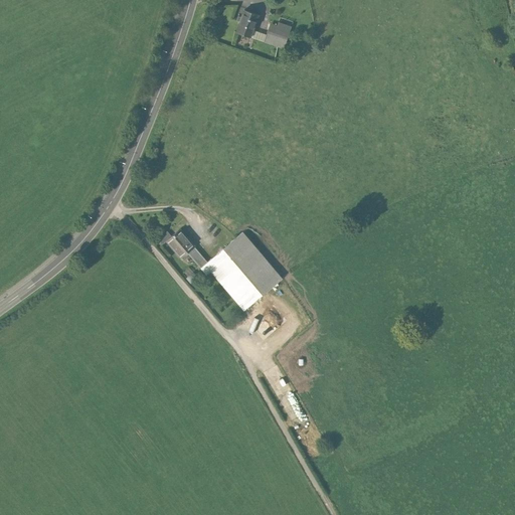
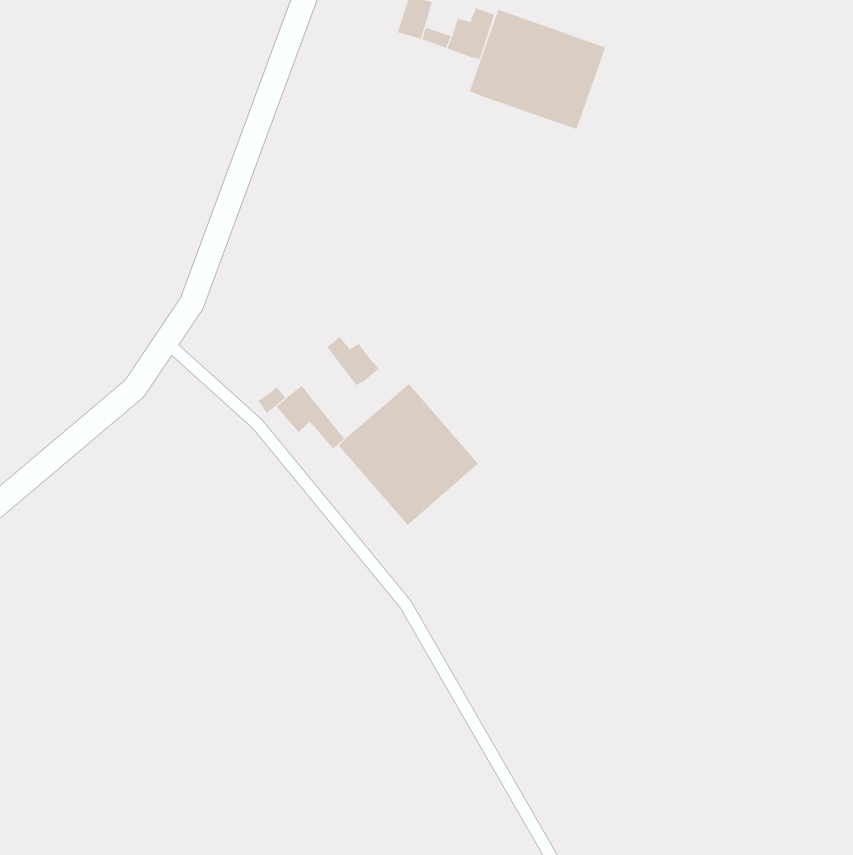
building: none -> [469,9,606,130]
building: none -> [327,336,379,386]

